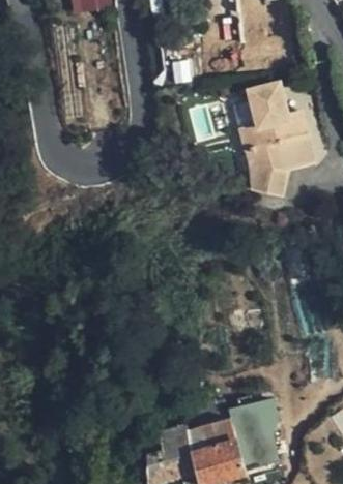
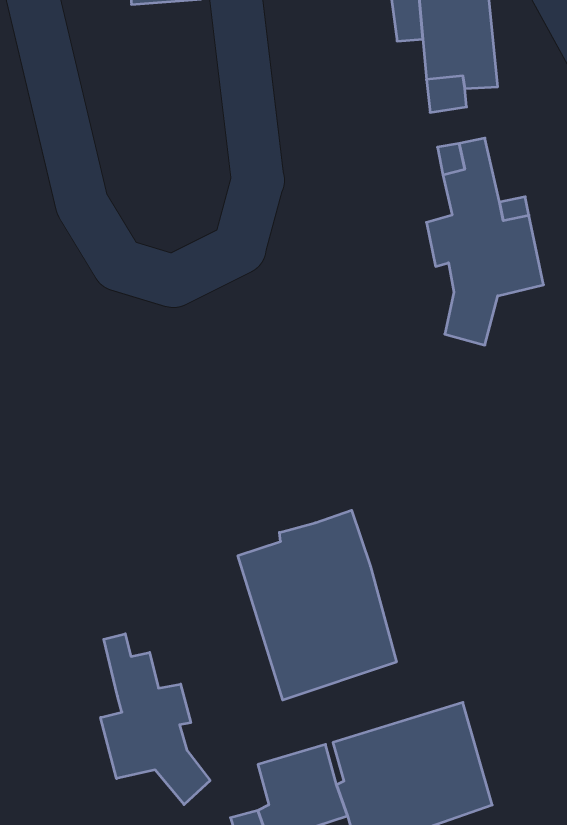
building: none -> [238,510,396,700]
building: none -> [101,634,210,805]

